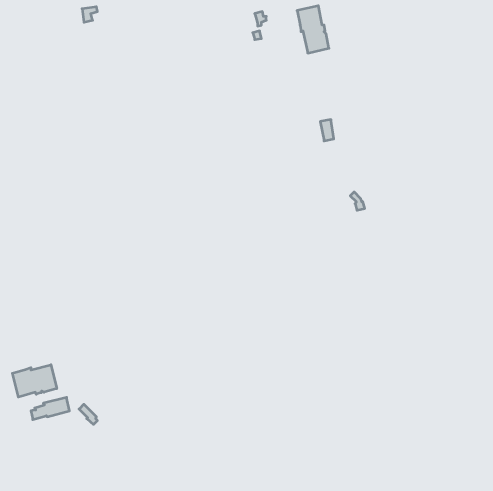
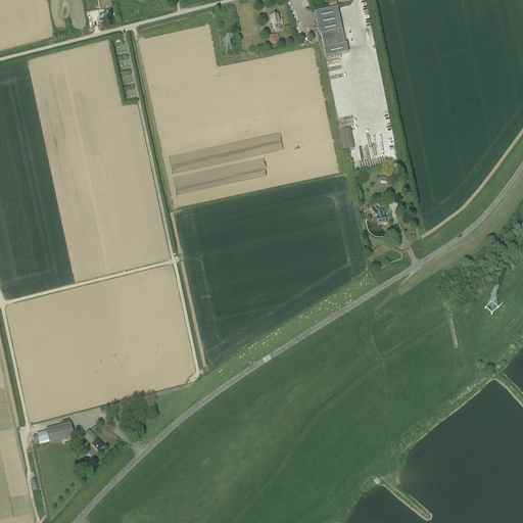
building: [12,365,57,397] -> none

